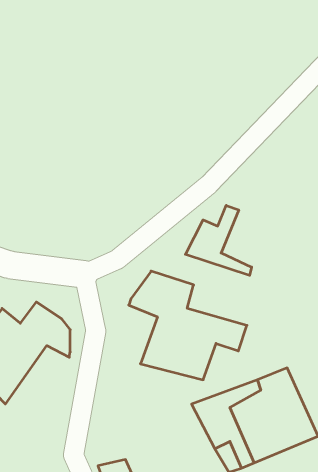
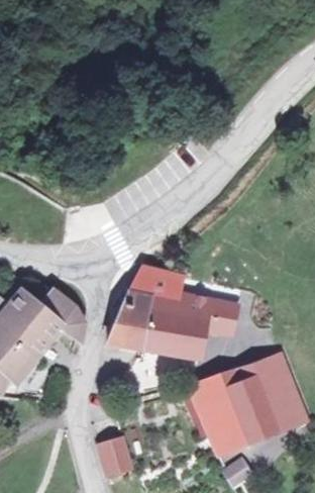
building: [185,205,252,275] -> none
building: none -> [106,293,156,349]

